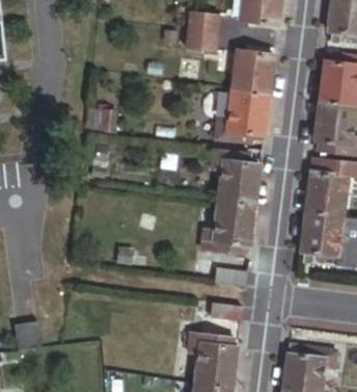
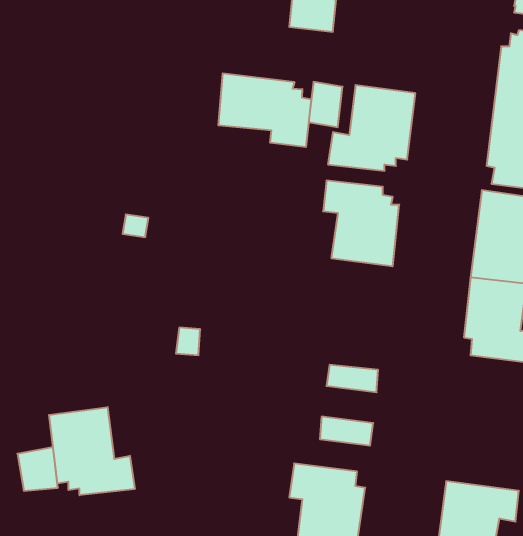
building: [231,49,275,94] -> none
building: none -> [218,73,311,147]
building: [200,200,255,254] -> none
building: none -> [49,407,135,495]

